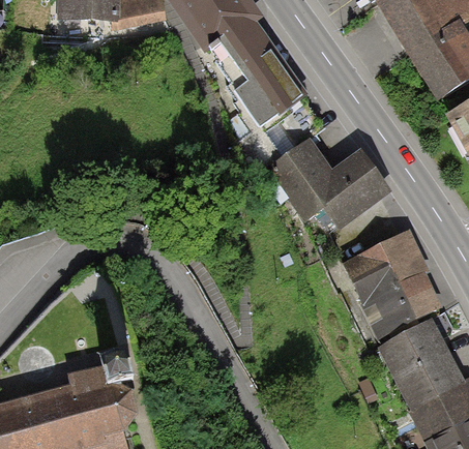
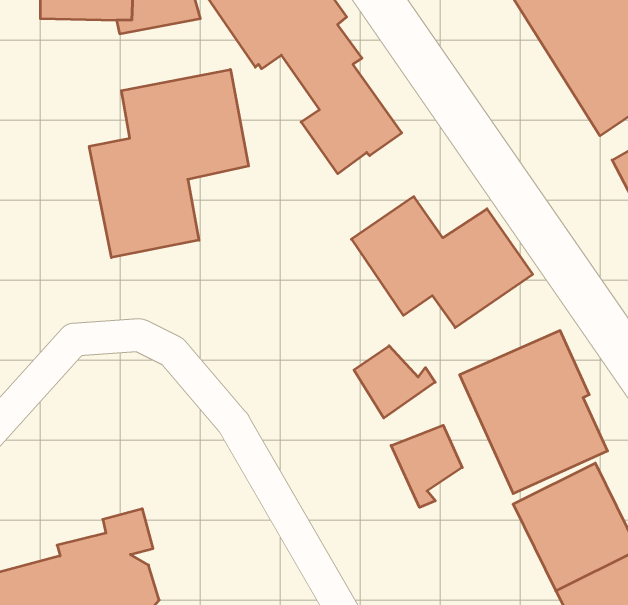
building: none -> [89,69,249,258]
building: none -> [354,346,435,418]
building: none -> [391,425,462,507]

